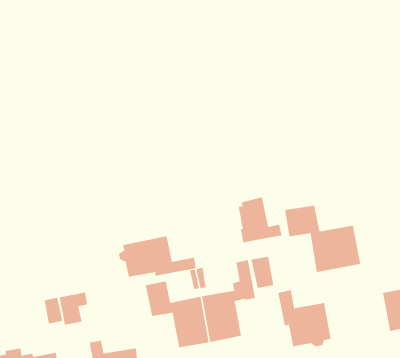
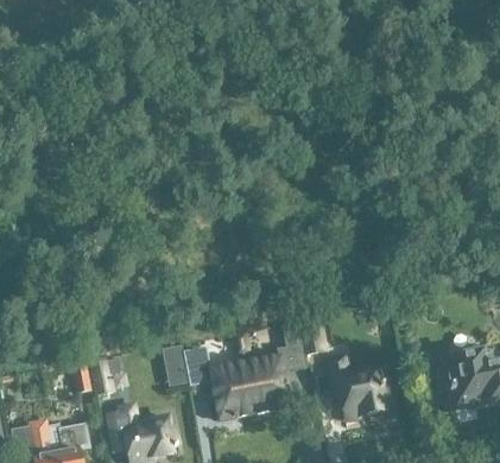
building: [238,196,282,243] -> none
building: [284,205,361,273] -> none
building: [118,236,196,277] -> none

